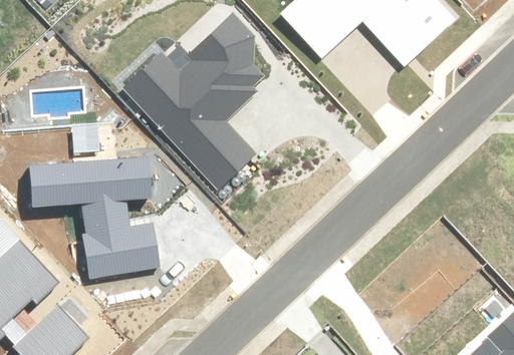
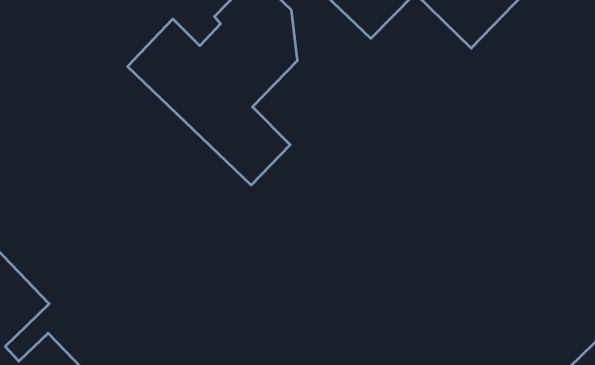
building: [22,157,154,275] -> none

